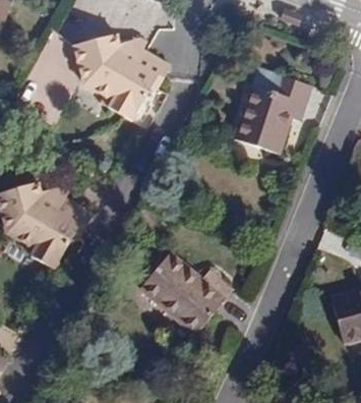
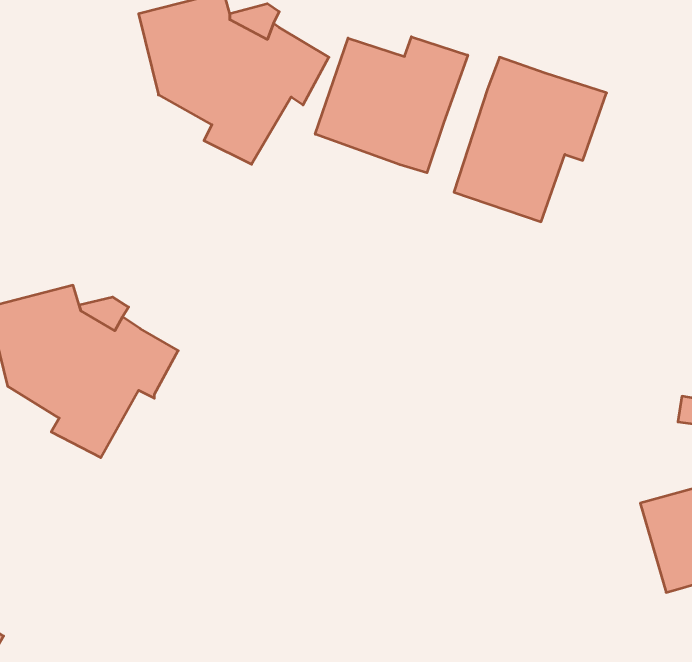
building: none -> [315,37,468,173]
building: [139,252,232,334] -> none

